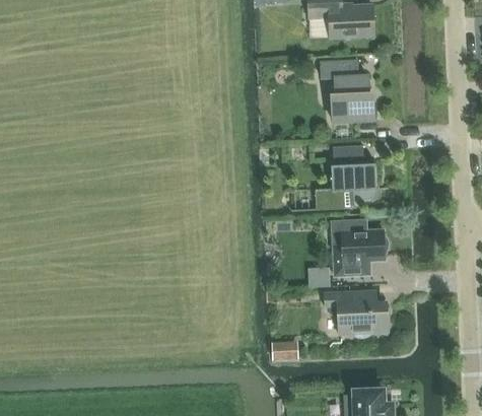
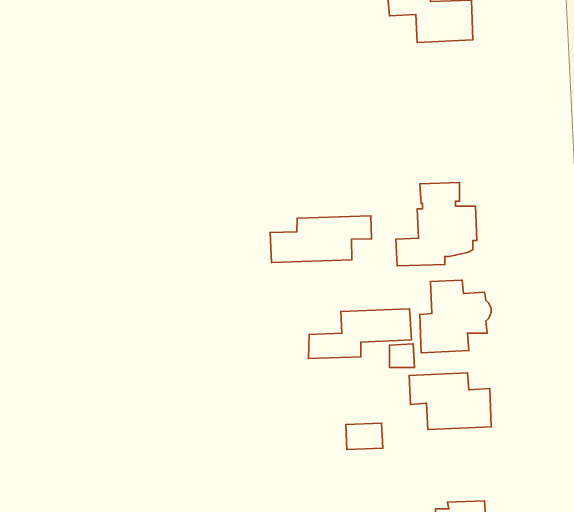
building: [320,62,373,122] -> none
building: none -> [270,216,372,263]
building: none -> [309,309,411,358]

